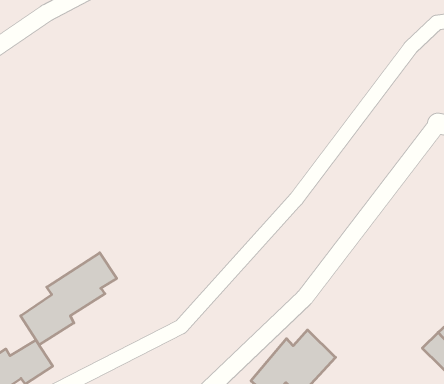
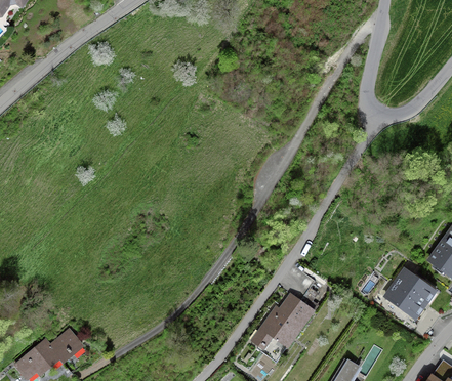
building: [21,253,117,345] -> none

